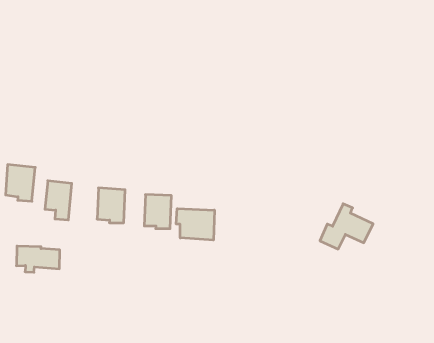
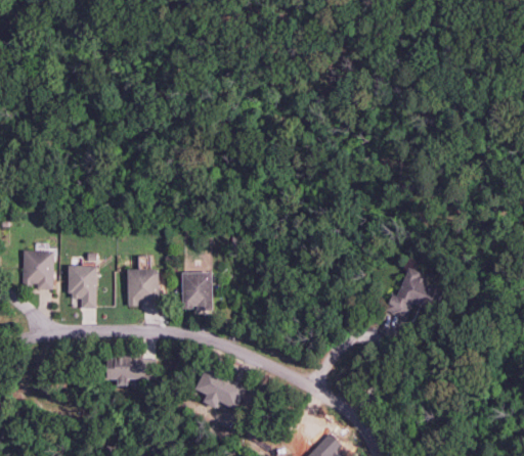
building: [176,209,214,240] -> none
building: [16,246,60,272] -> [105,356,156,385]
building: none -> [196,369,245,408]

